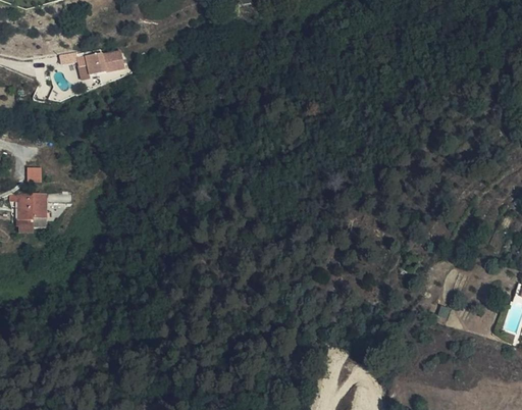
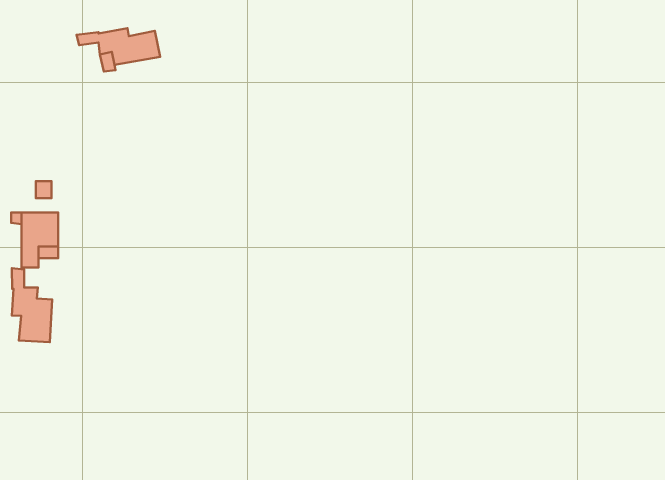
building: none -> [12,268,52,342]

